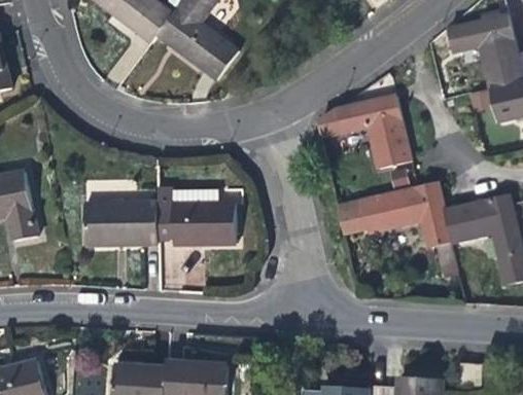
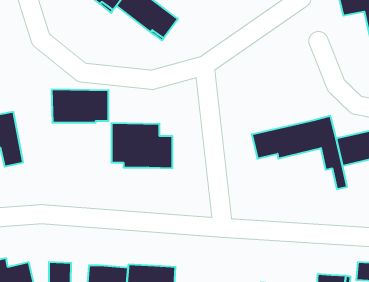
building: [314,94,409,165] -> none
building: [79,202,152,244] -> [52,90,109,123]

